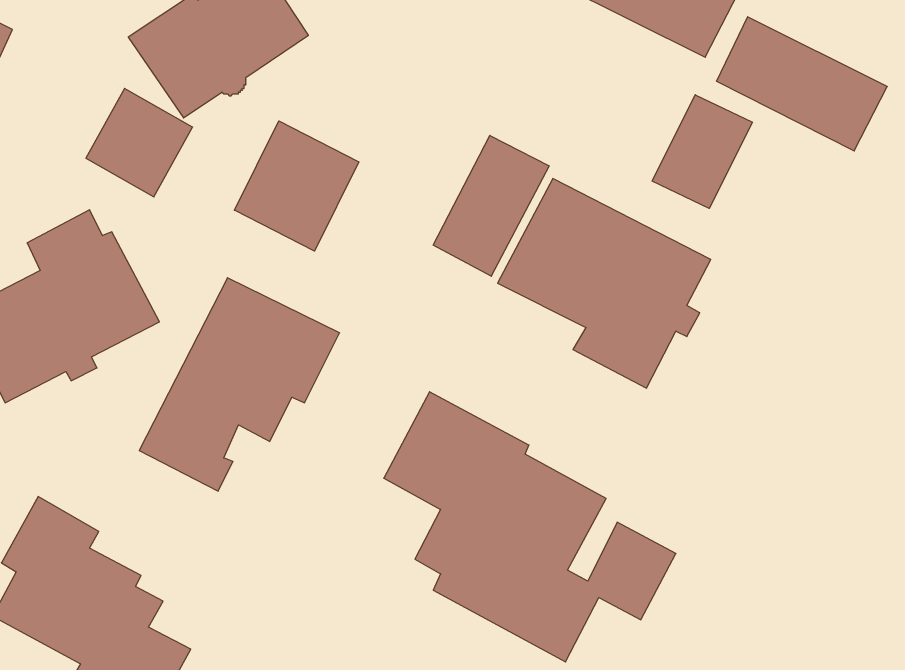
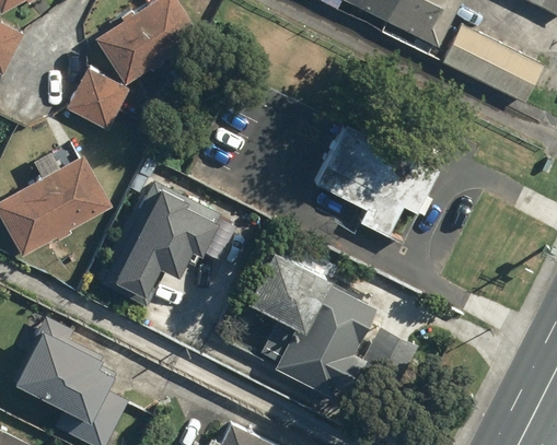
building: [652,95,752,208] -> none
building: [234,121,359,251] -> none
building: [433,135,549,276] -> none

